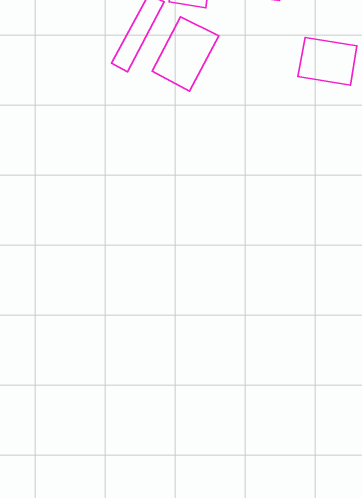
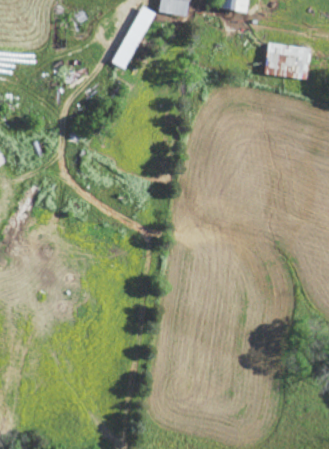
building: [152,17,219,91] -> none

